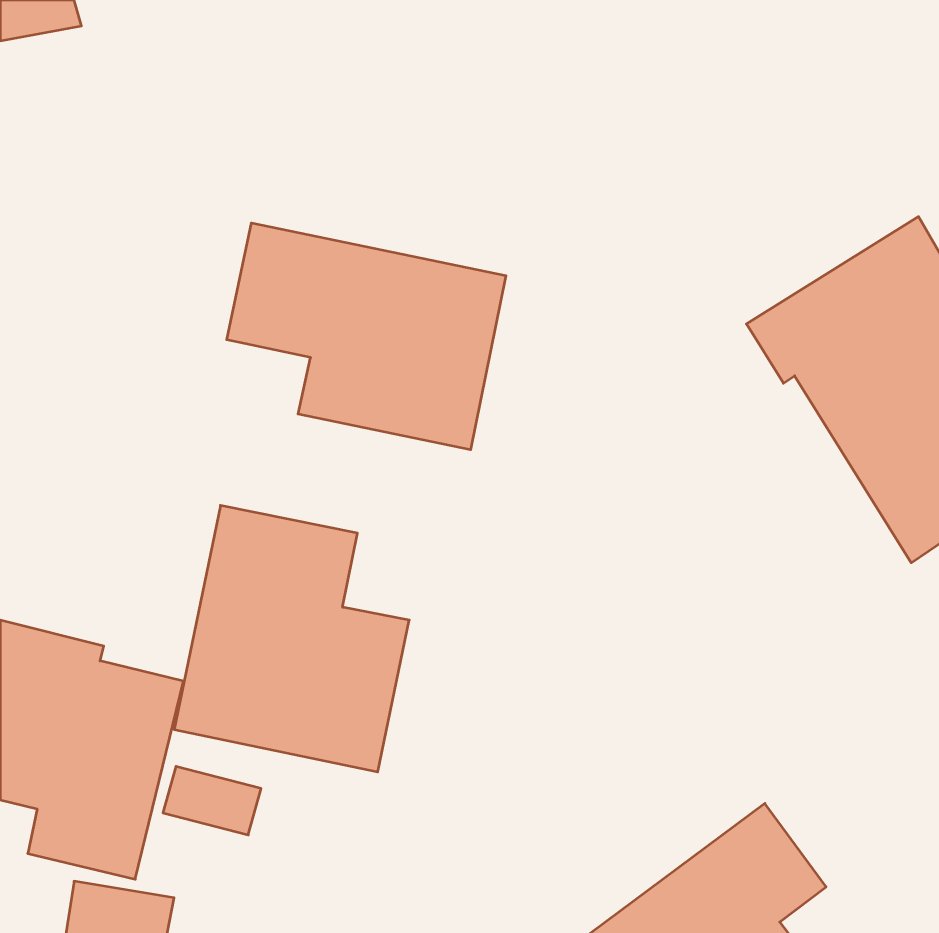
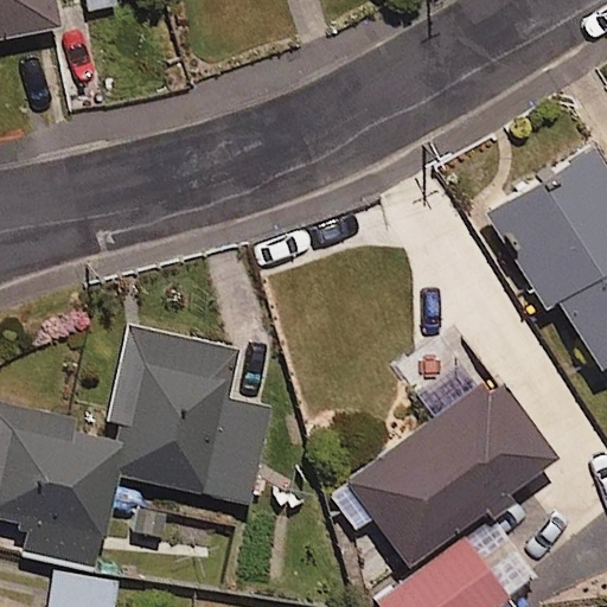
building: [227,223,506,450] -> none
building: none -> [347,347,554,562]

